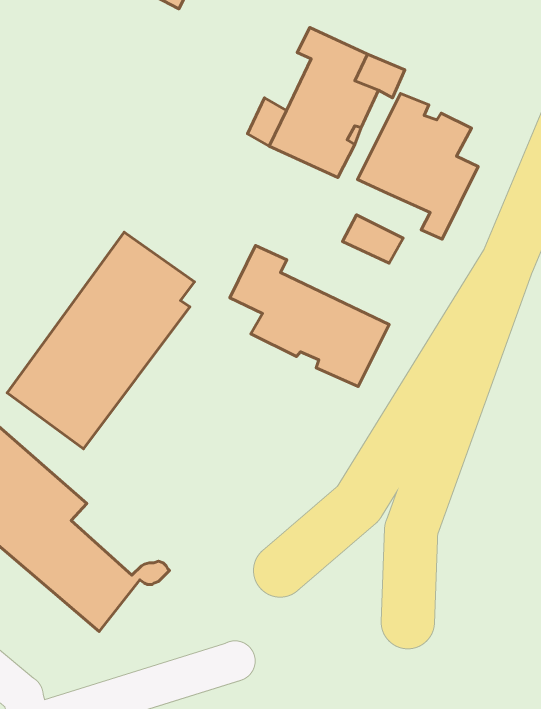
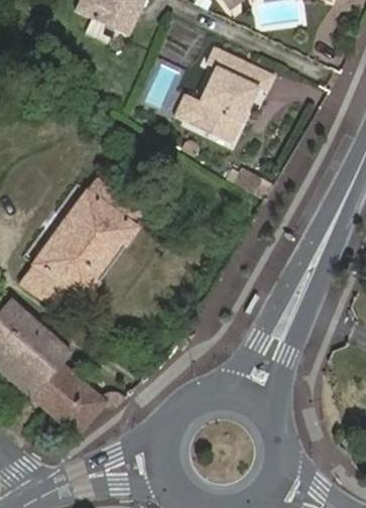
building: [357,93,478,239] -> none
building: [230,245,389,387] -> none

